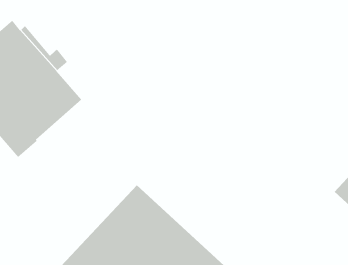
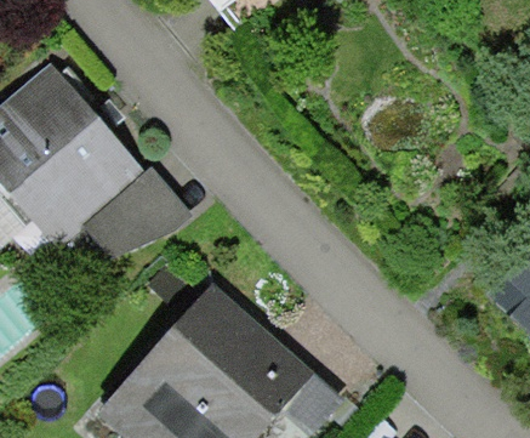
building: none -> [82,167,192,261]

